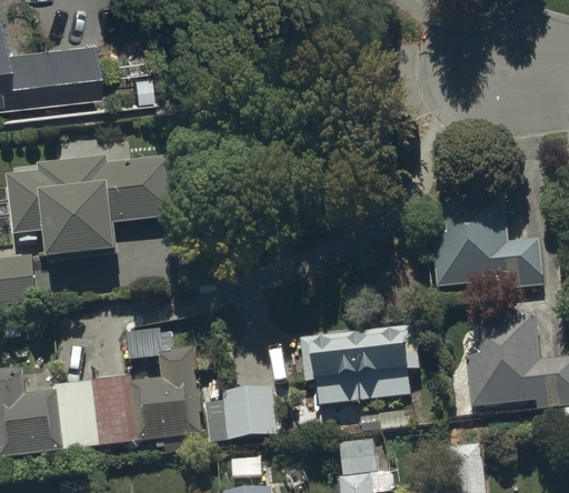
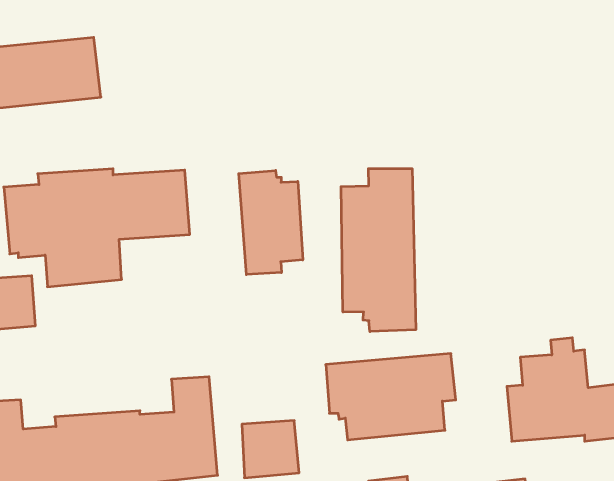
building: none -> [341,169,416,332]
building: none -> [239,170,303,275]
building: [433,212,541,290] -> none

